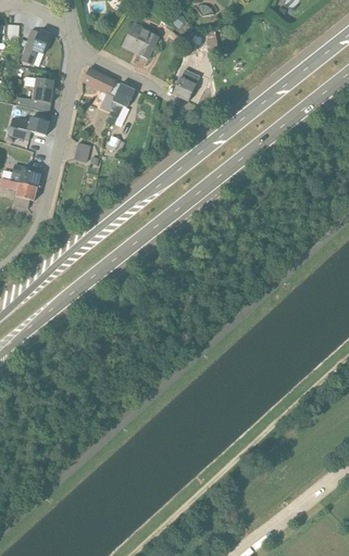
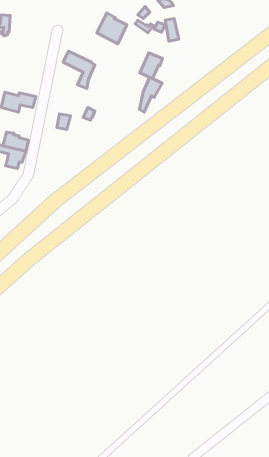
building: [20,28,50,66] -> none
building: [16,76,54,113] -> none
building: [108,84,135,125] -> [139,78,162,112]

